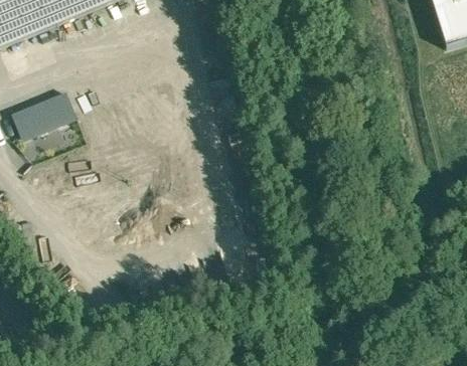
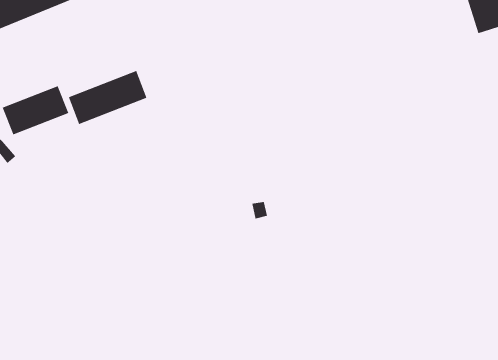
building: none -> [68,70,147,125]

